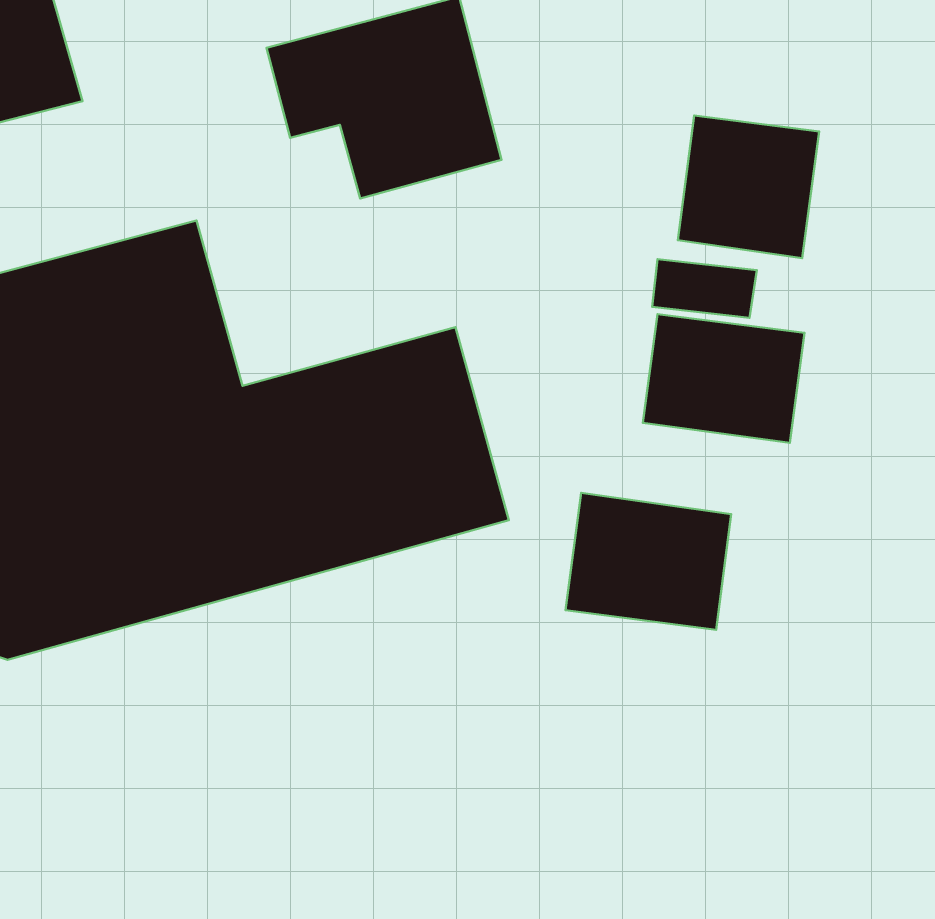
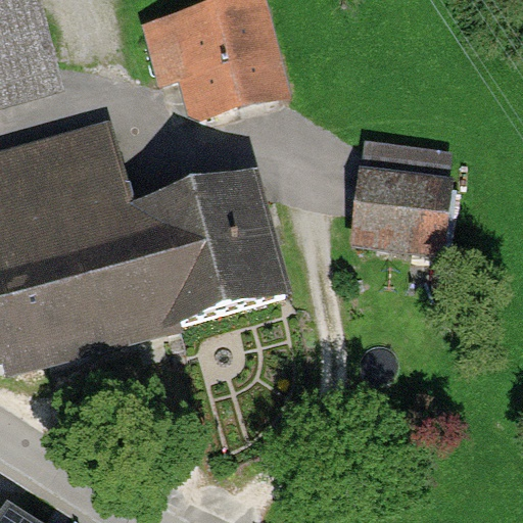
building: [678,116,819,258] -> none
building: [565,493,731,630] -> none

